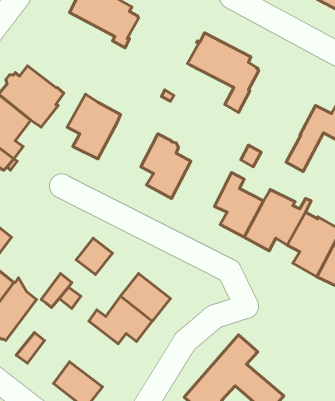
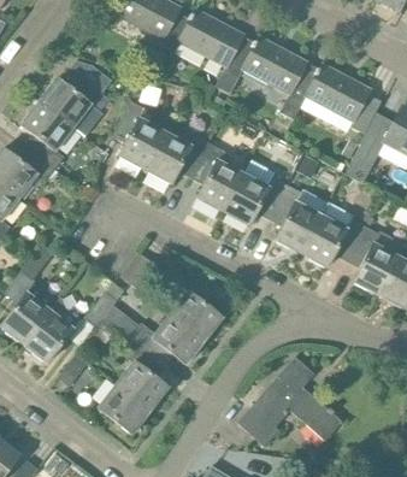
building: none -> [176,8,252,94]
building: none -> [305,64,381,134]
building: none -> [144,131,208,184]
building: none -> [223,172,287,225]
building: none -> [114,342,167,412]

